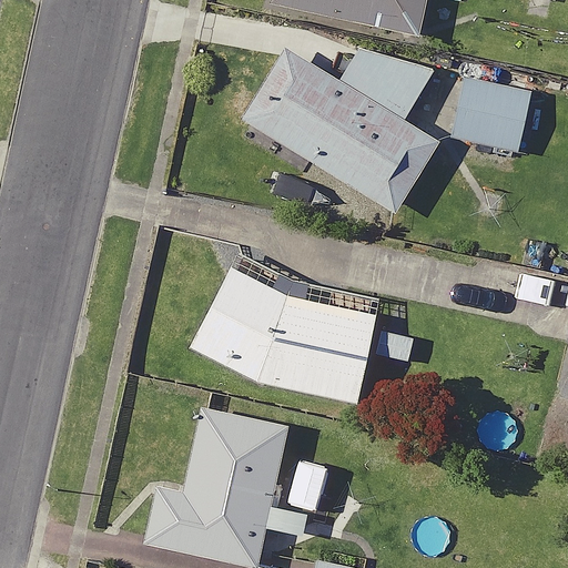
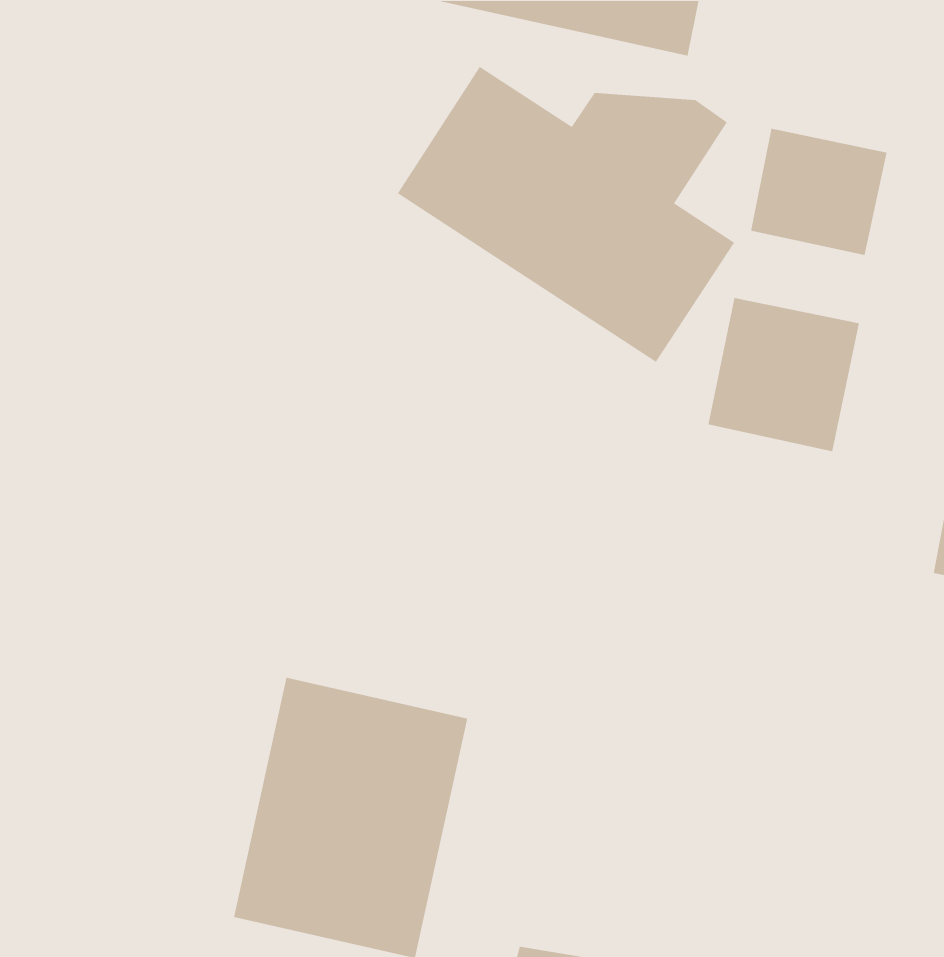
building: none -> [707,297,860,452]
building: [183,248,385,405] -> none

